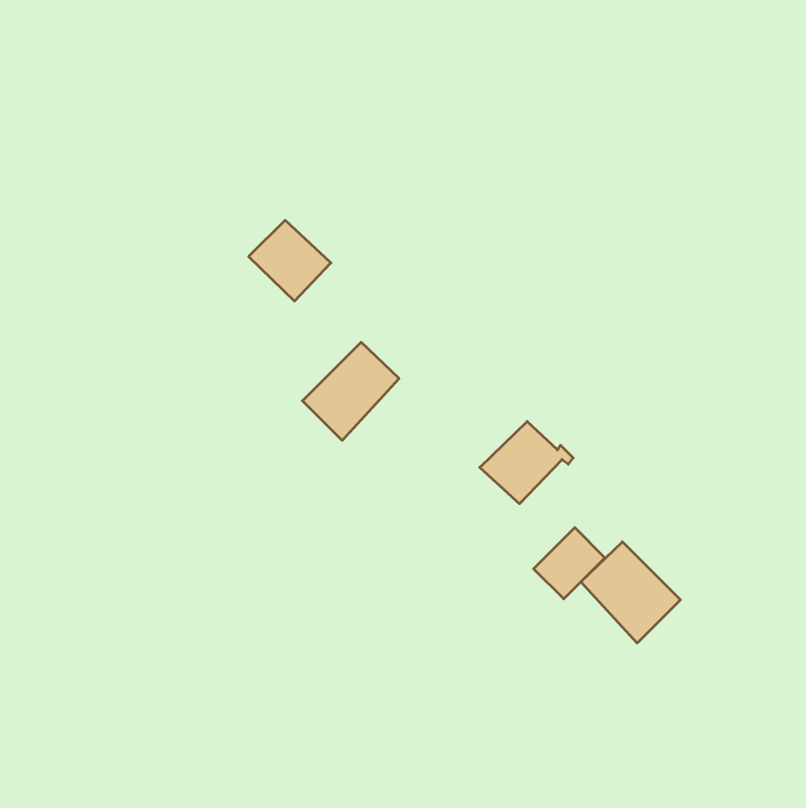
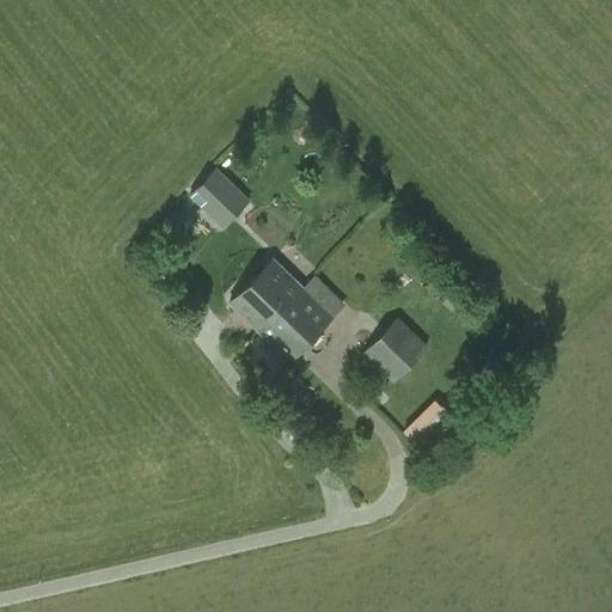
building: none -> [261,287,335,363]
building: [581,542,680,643] -> none

